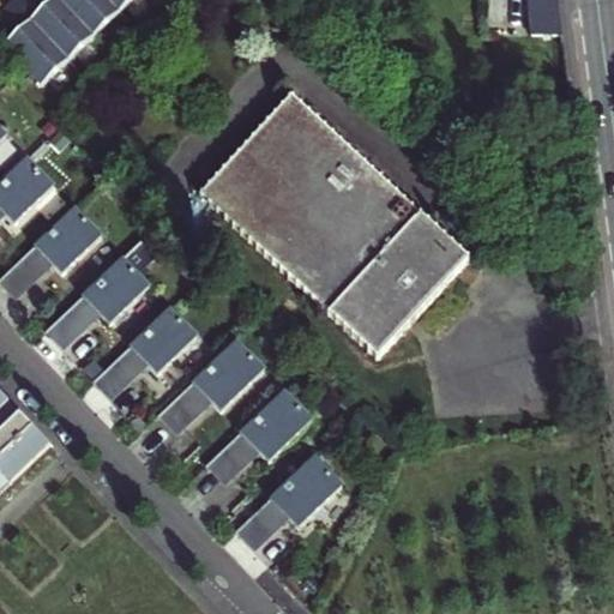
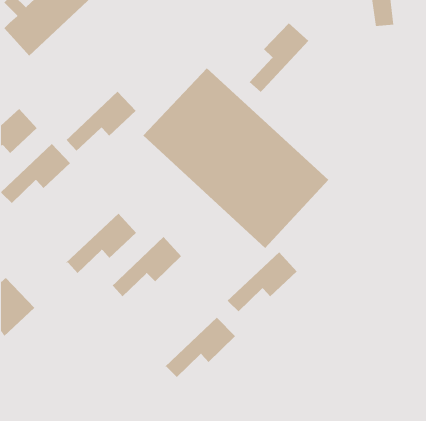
building: none -> [249,22,309,95]
building: [46,257,150,344] -> [64,91,137,152]
building: [206,391,309,478] -> [226,251,298,312]

